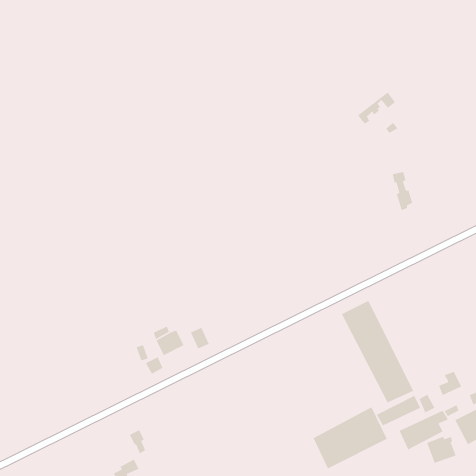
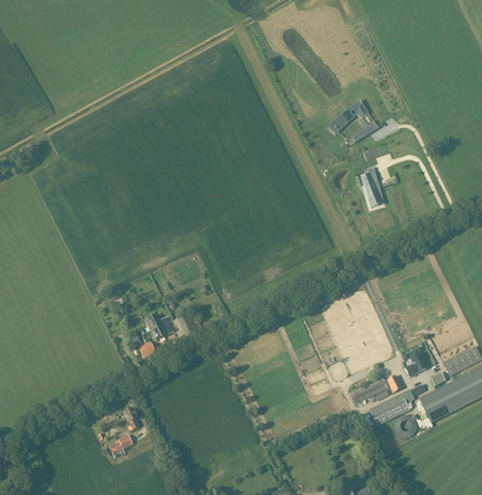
building: [341,300,414,404] -> none
building: [312,406,388,469] -> none

